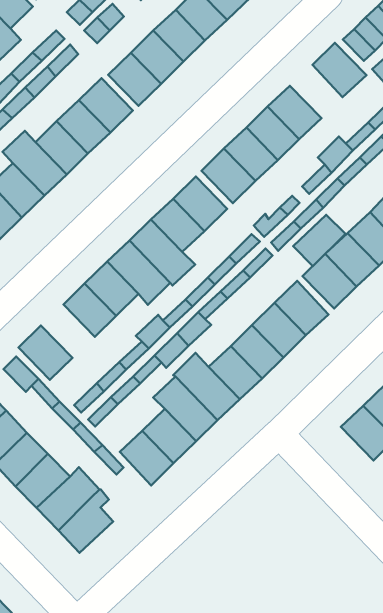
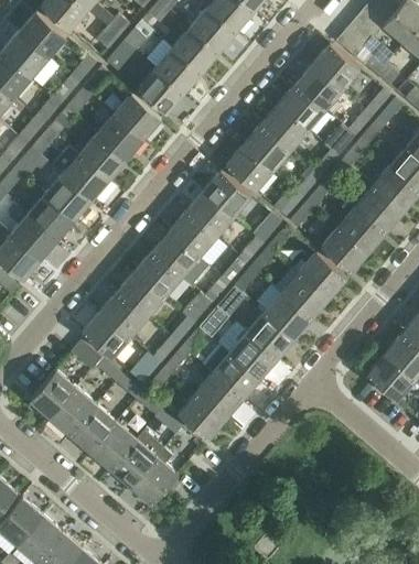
building: none -> [294,65,341,110]
building: [293,215,346,266] -> none
building: none -> [99,292,147,337]

